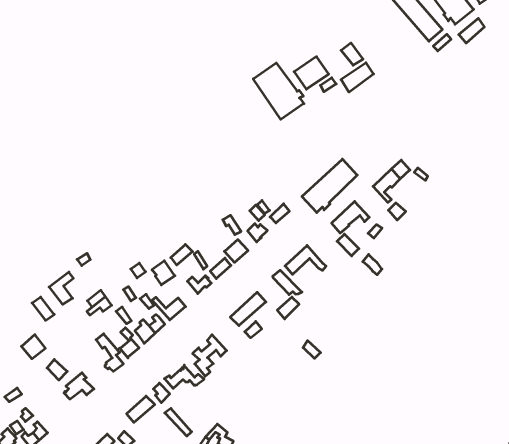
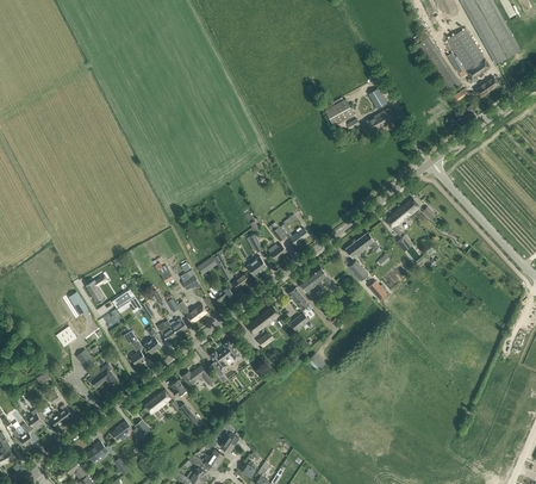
building: [253,63,304,119] -> none
building: [302,159,357,213] -> none

